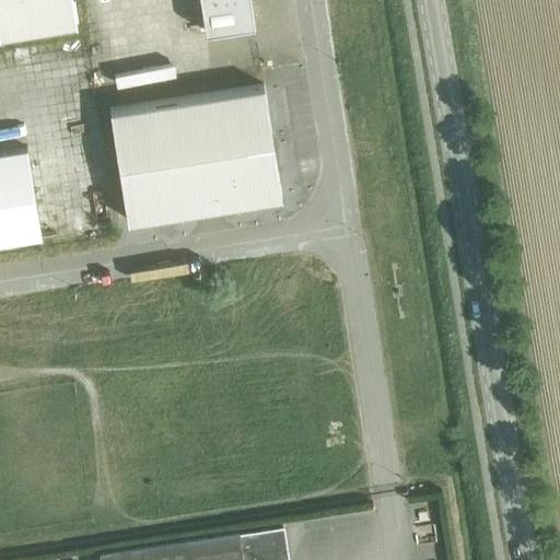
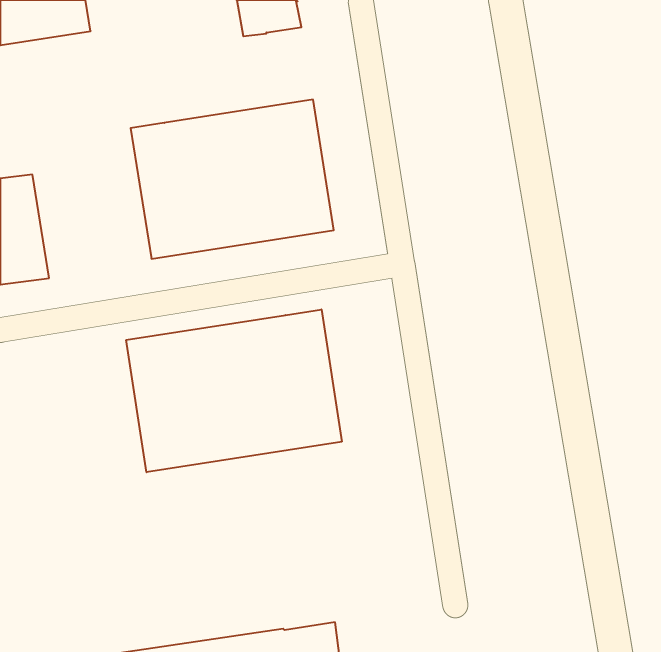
building: none -> [126,309,342,472]

